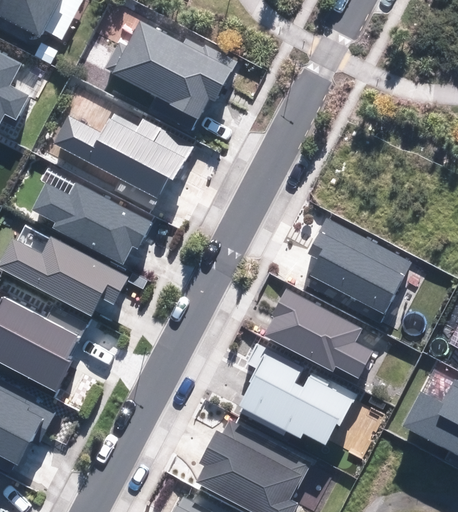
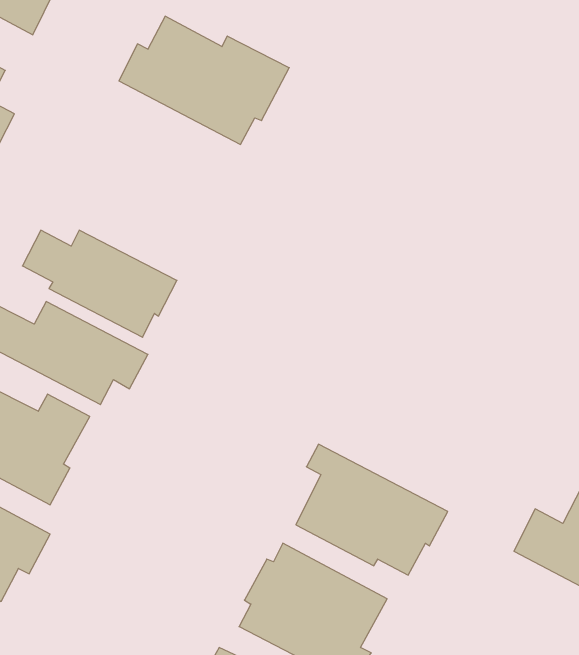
building: [54,117,191,198] -> none
building: [309,220,409,313] -> none
building: [264,291,370,377] -> none

